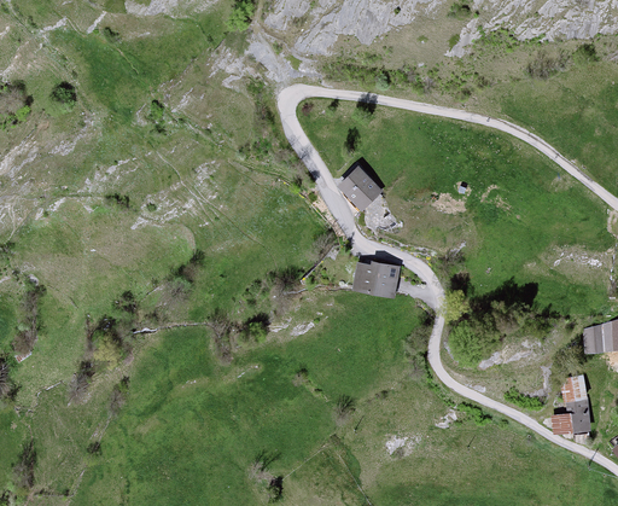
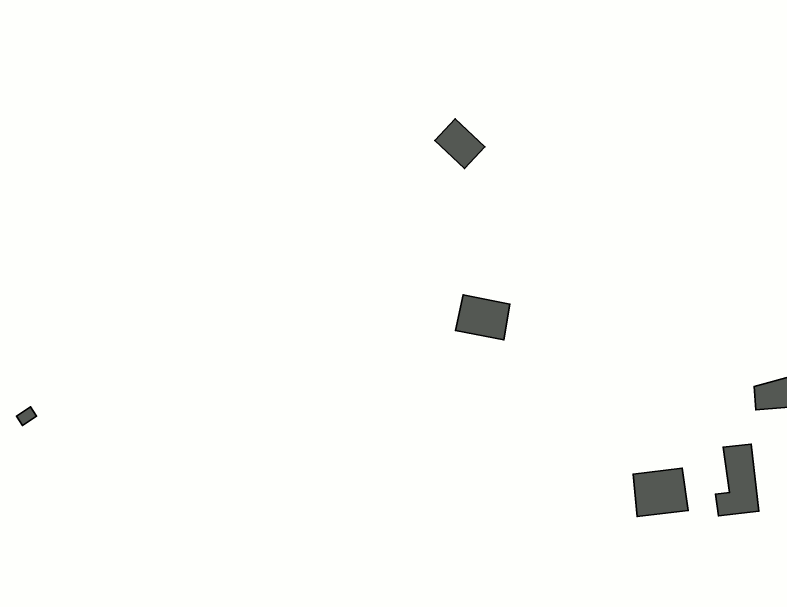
building: [342,170,380,209] -> [435,119,485,169]
building: none -> [633,468,688,516]

